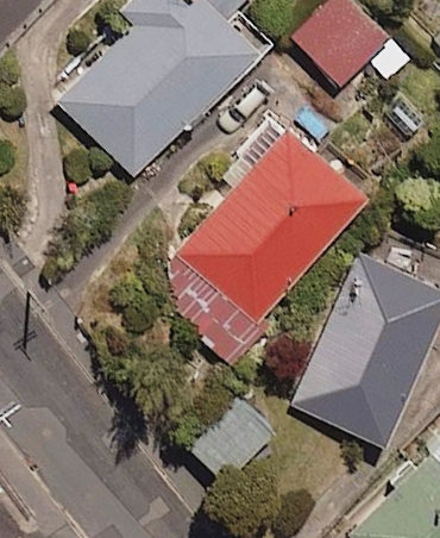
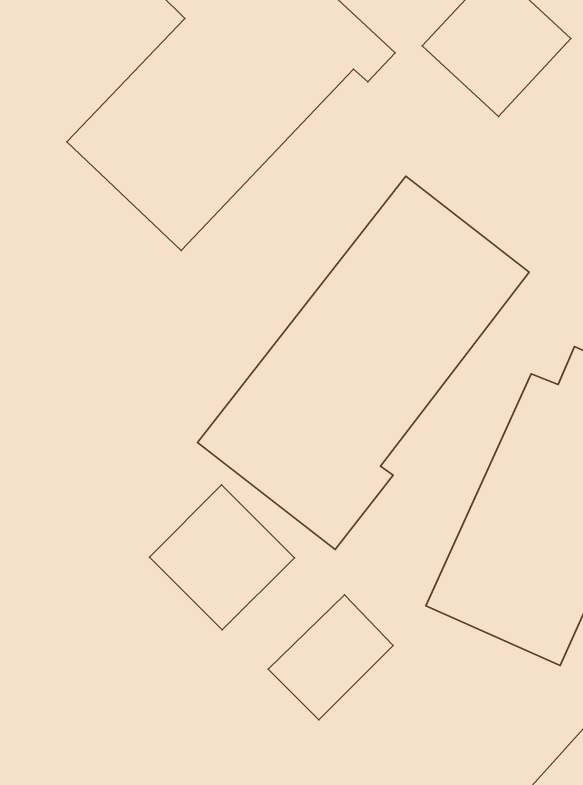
building: none -> [149,485,294,630]

